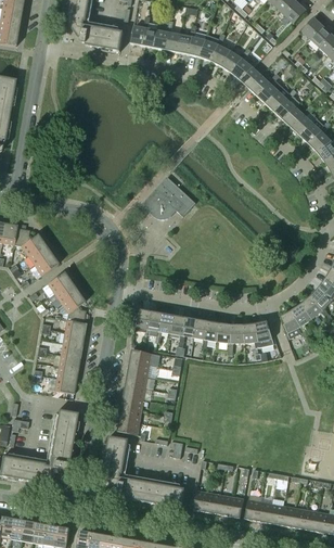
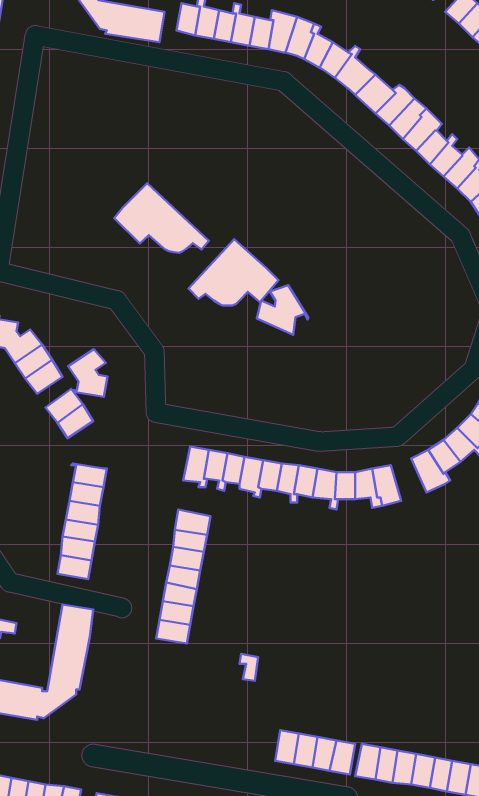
building: none -> [114,183,209,253]
building: none -> [257,285,308,335]
building: [61,292,86,322] -> [68,349,107,397]
building: [103,435,184,507] -> none

